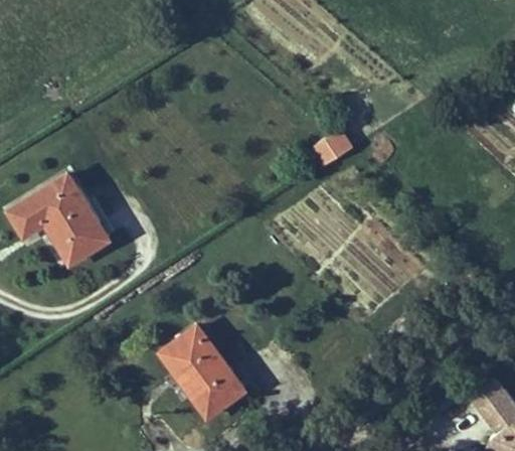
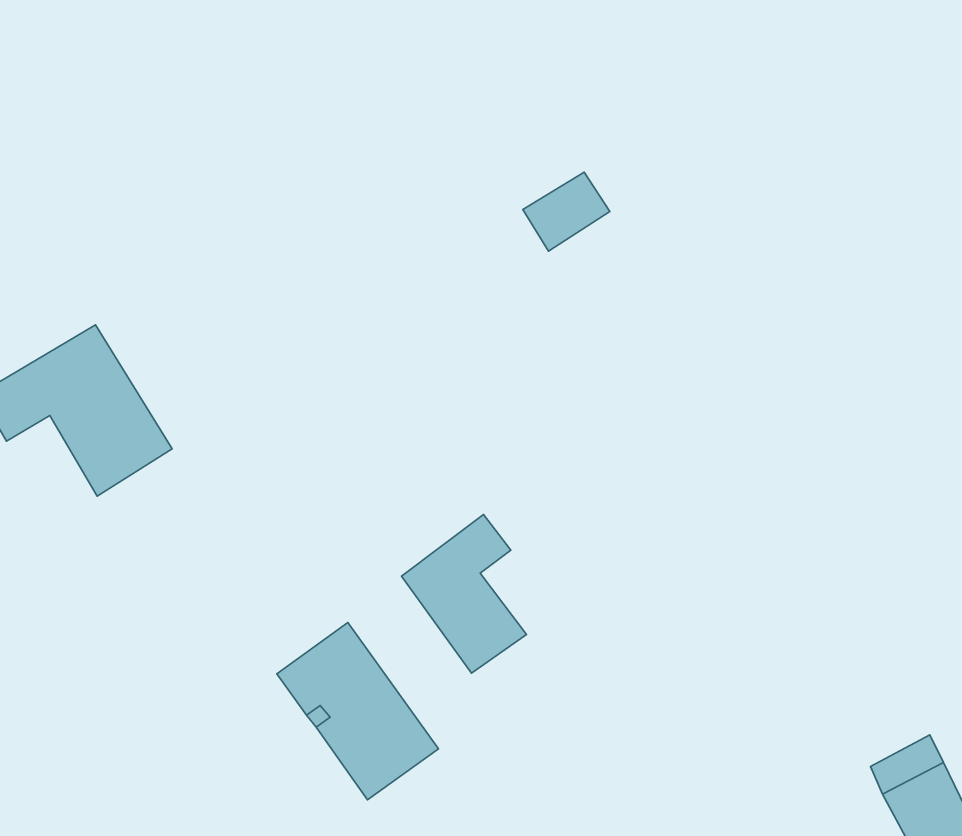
building: [308,128,352,168] -> [523,172,610,251]
building: none -> [402,515,526,673]

